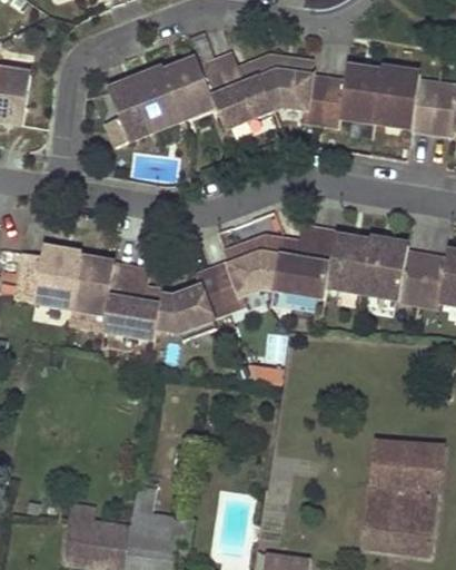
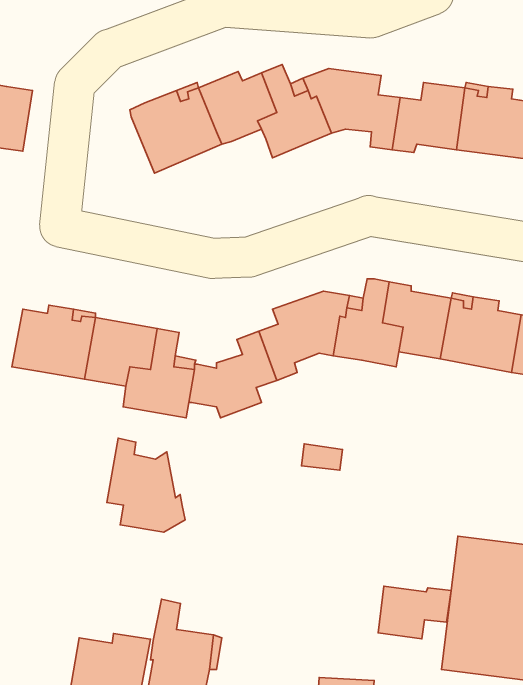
building: none -> [107,438,185,532]
building: none -> [378,586,451,639]

